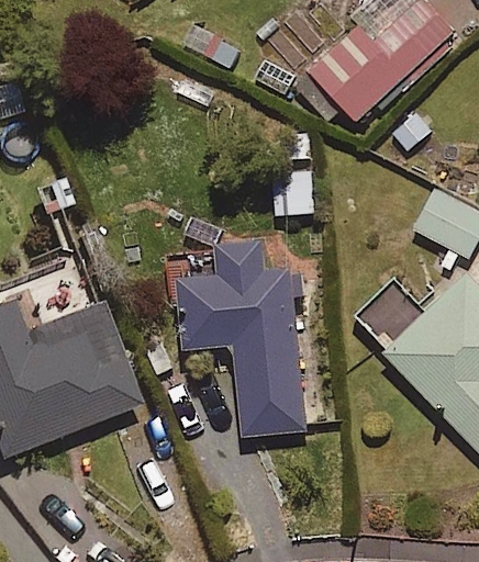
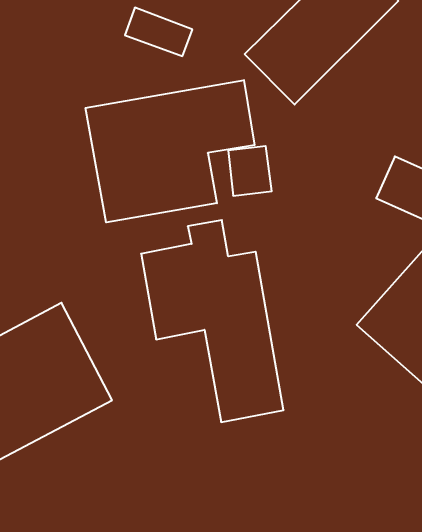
building: none -> [86,80,255,222]

